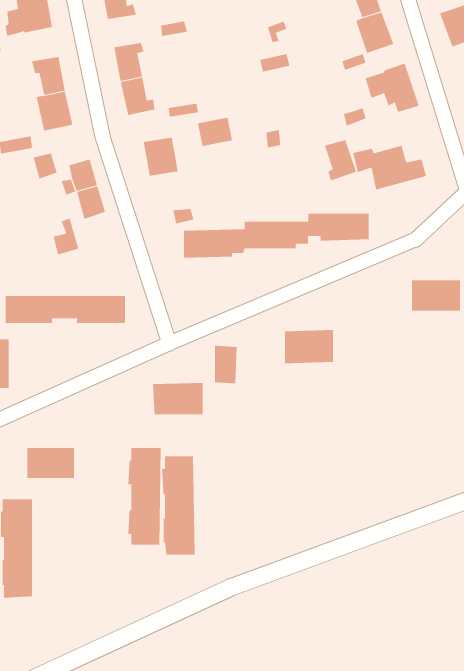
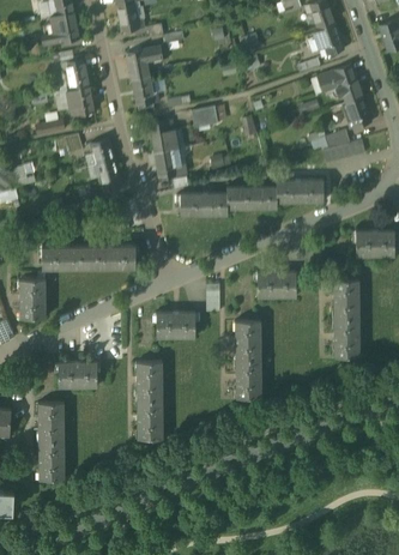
building: [324,139,357,181] -> [345,98,370,131]
building: none -> [153,149,186,179]
building: none -> [333,280,358,357]
building: [161,456,195,555] -> [235,321,261,398]

